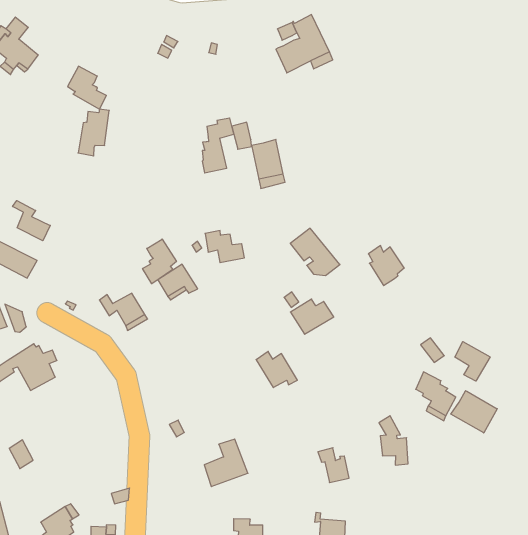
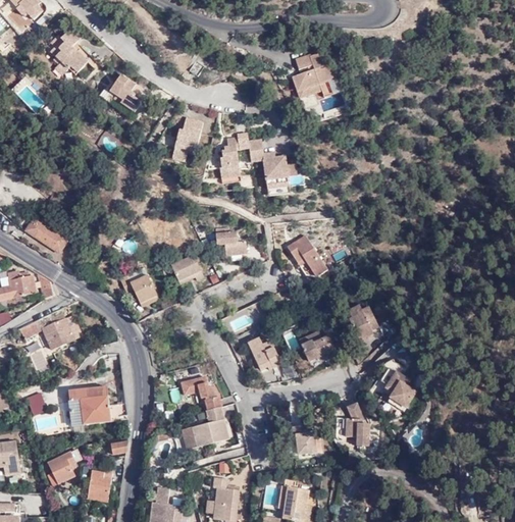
building: [78,109,109,156] -> [172,119,203,159]
building: [13,201,50,241] -> none
building: [143,239,176,284] -> none
building: [368,246,404,286] -> [348,304,377,338]
building: [290,299,334,334] -> [299,332,336,362]
building: [455,342,490,381] -> none
building: [451,391,497,433] -> none
building: none -> [182,377,221,411]
building: none -> [67,385,123,425]

